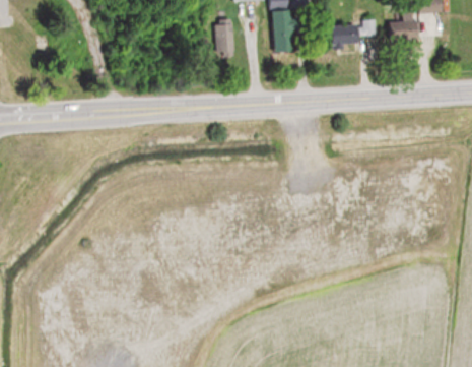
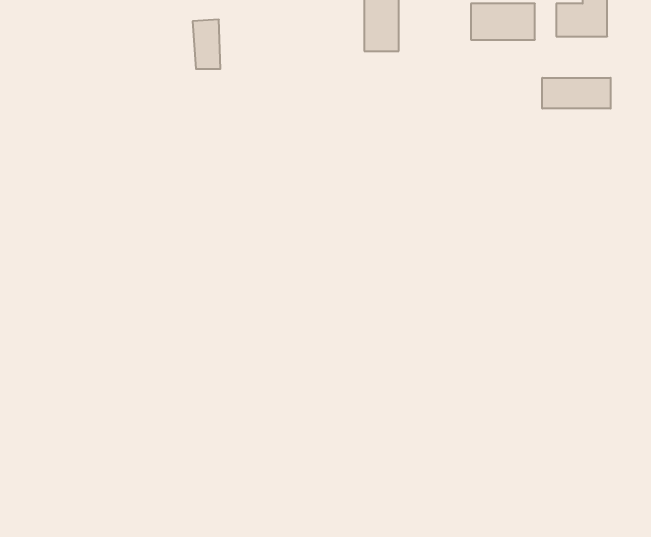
building: [214,23,231,54] -> [193,20,220,69]
building: none -> [542,78,611,109]

